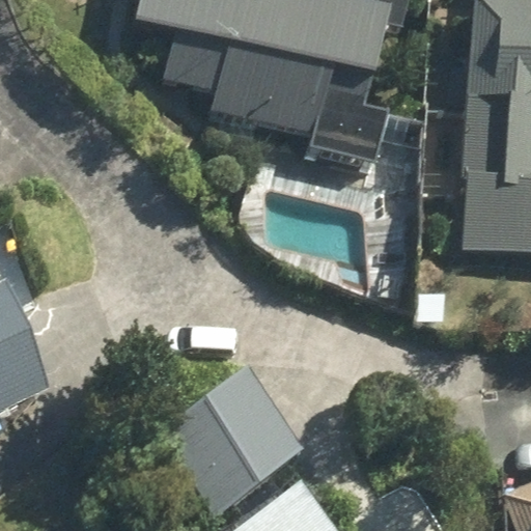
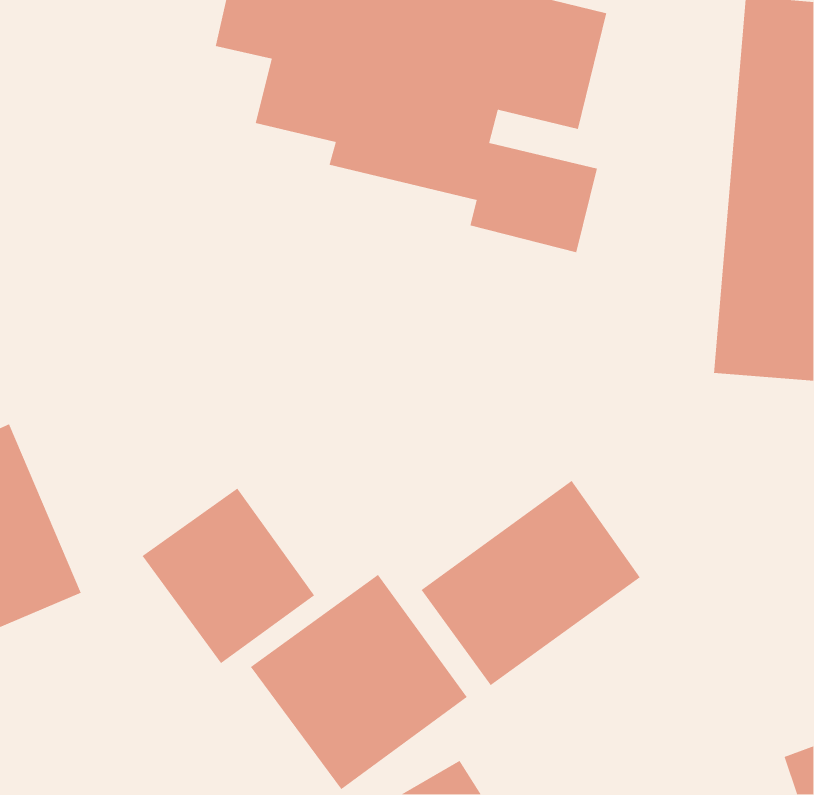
building: none -> [421,480,641,686]
building: none -> [142,487,315,664]

